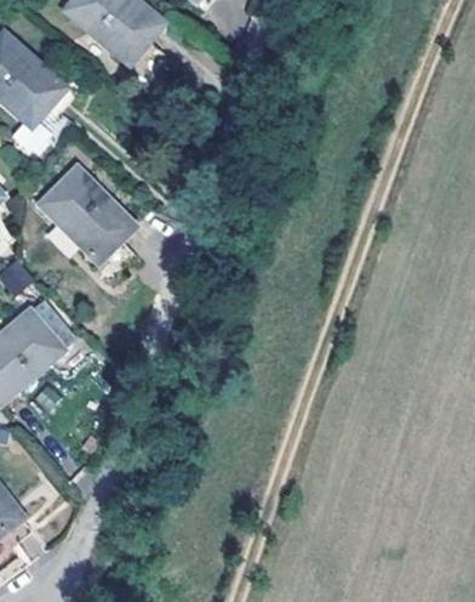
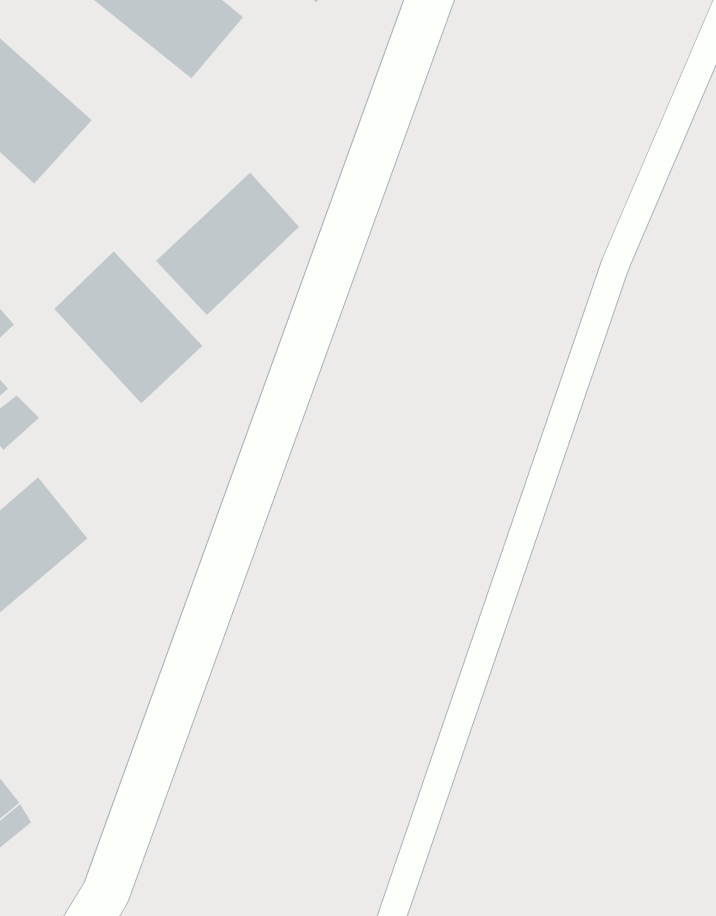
building: none -> [155,172,300,316]

